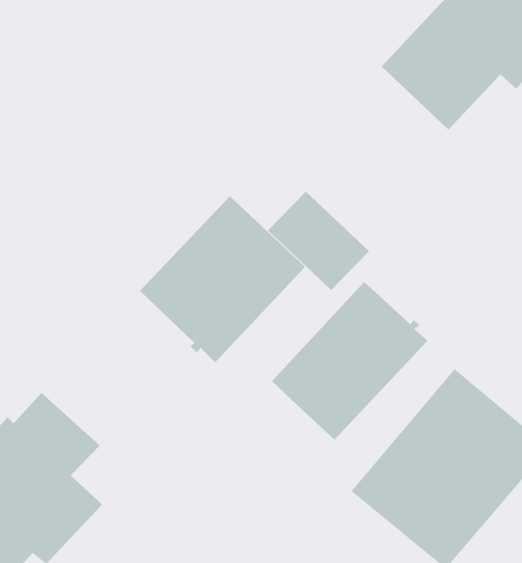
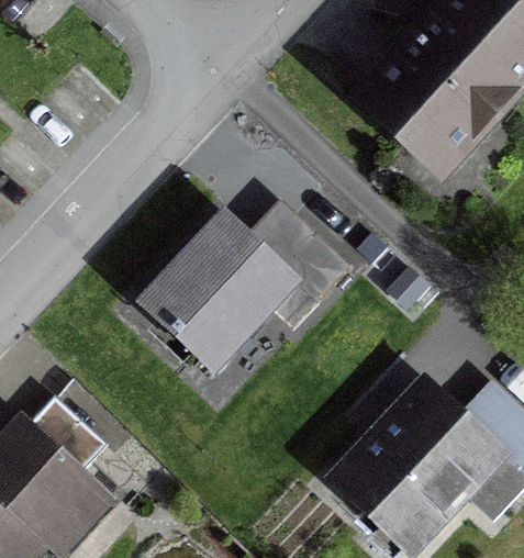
building: [271,281,429,441] -> none

